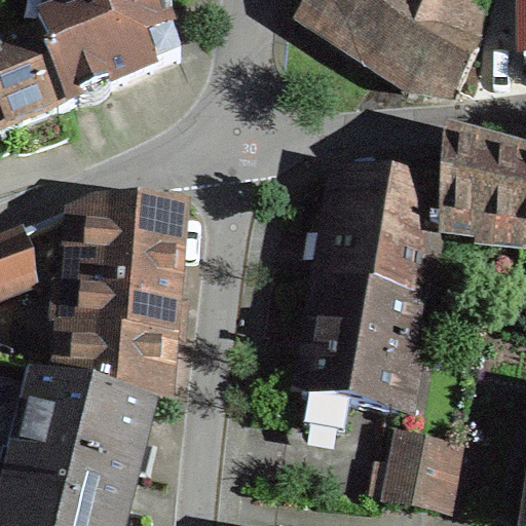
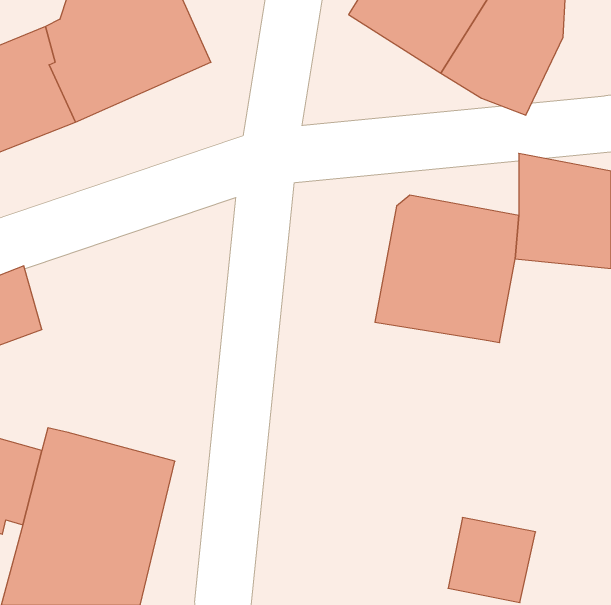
building: [59,196,178,396] -> none
building: [302,276,417,408] -> none

